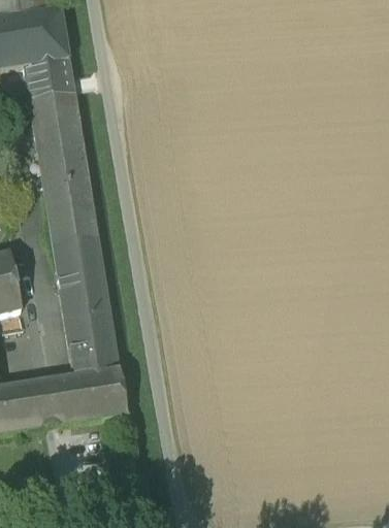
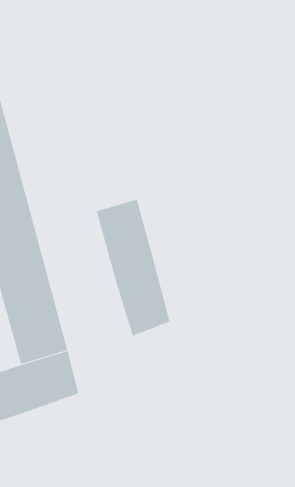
building: none -> [96,199,170,336]

